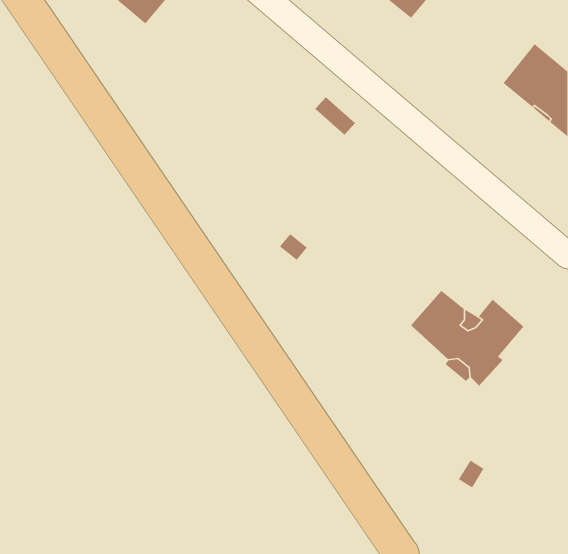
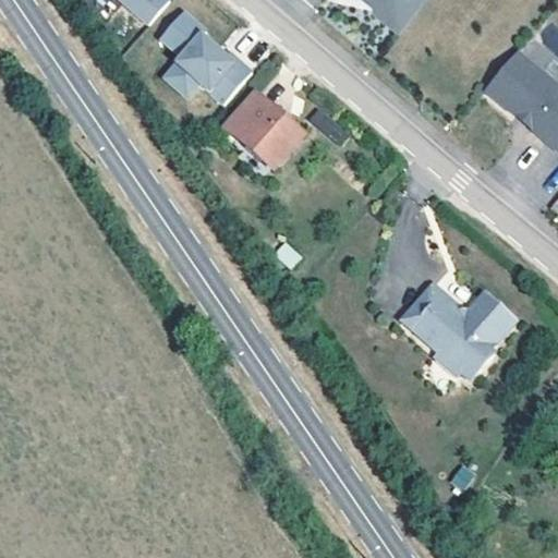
building: none -> [163,28,247,104]
building: none -> [222,90,299,165]

